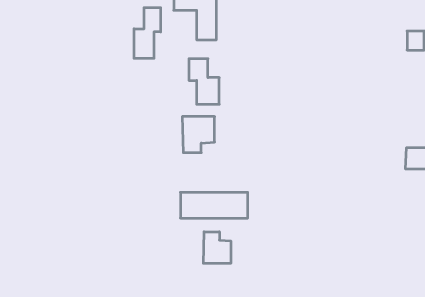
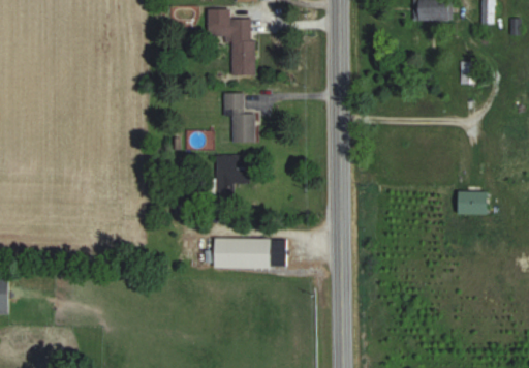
building: [134,8,161,58] -> none
building: [203,232,231,263] -> none

